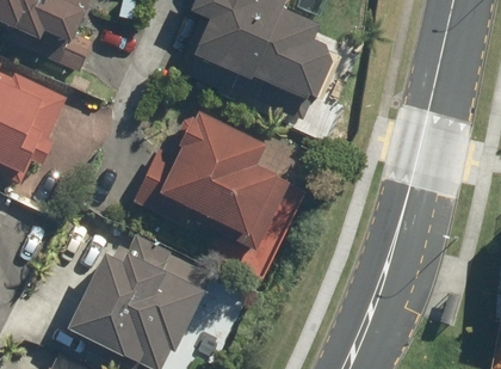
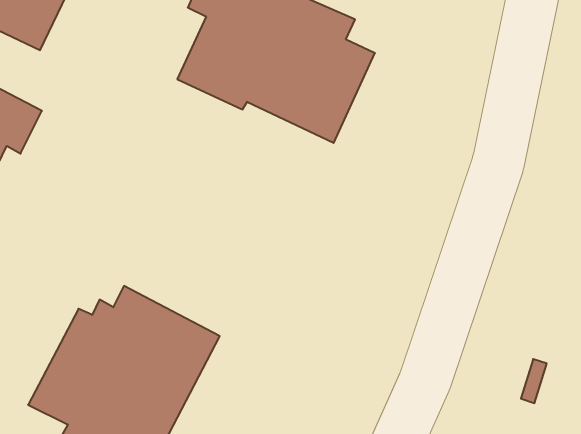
building: [130,107,290,252] -> none

